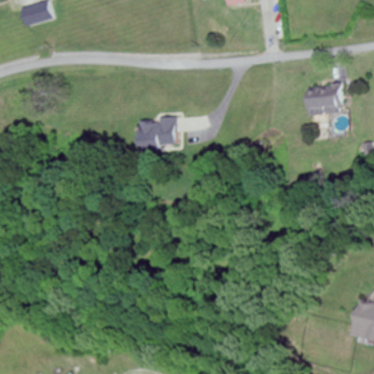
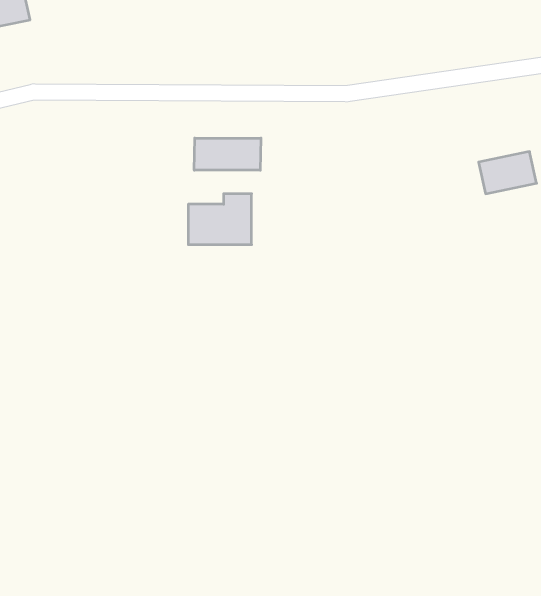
building: none -> [194,138,261,170]

